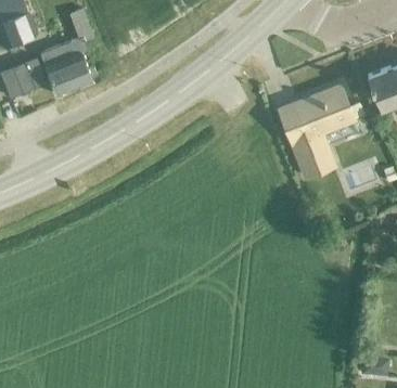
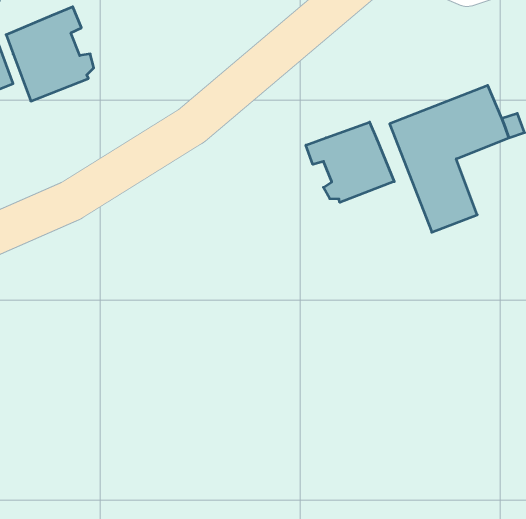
building: none -> [306,122,394,202]

